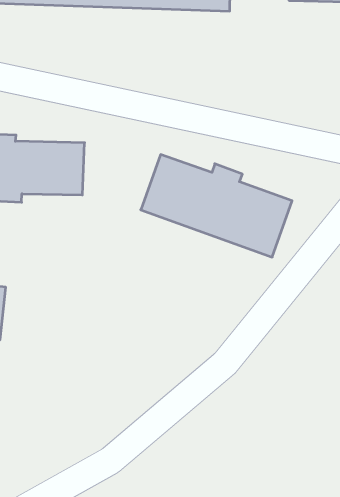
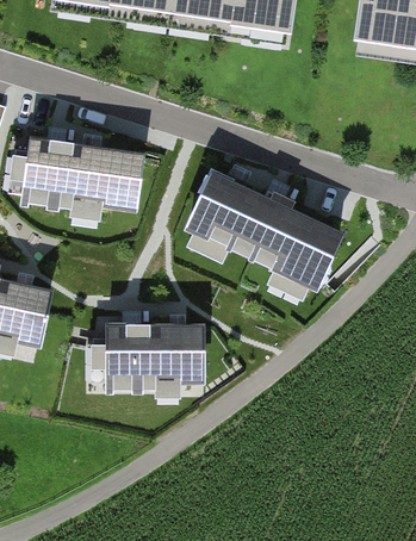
building: none -> [93,322,200,387]

